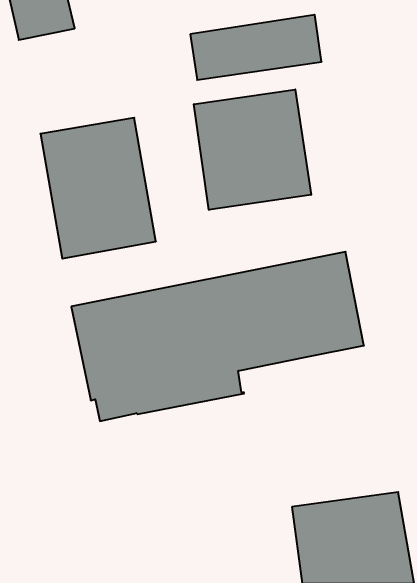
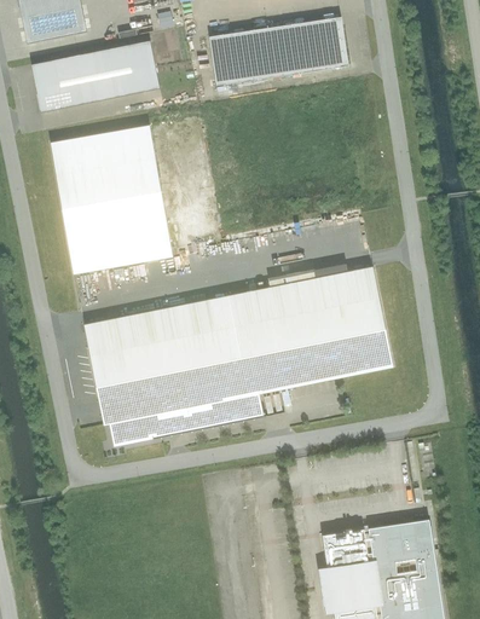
building: none -> [30,40,158,111]
building: [194,89,311,210] -> none

